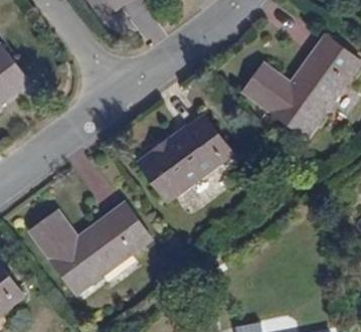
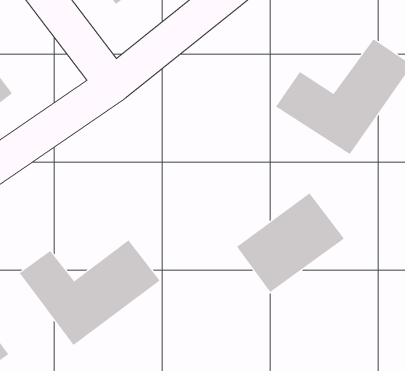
building: [141,122,231,205] -> [236,192,345,293]

